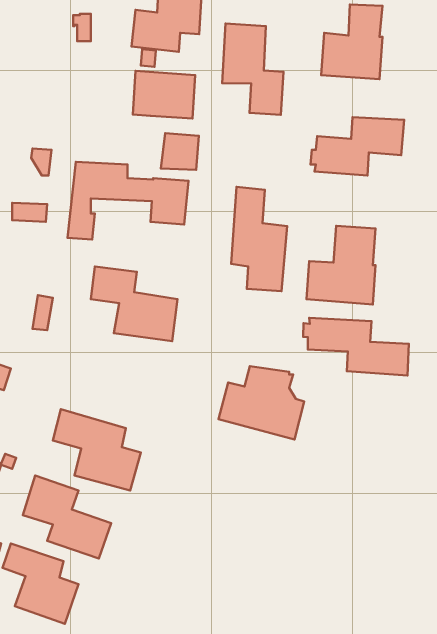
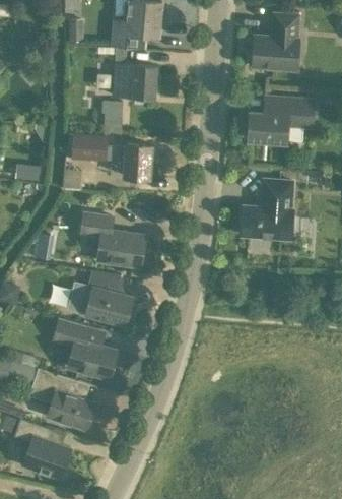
building: [222,23,283,115] -> none
building: [161,133,199,170] -> [94,100,123,127]
building: [231,187,287,291] -> none
building: [303,318,409,376] -> none
building: [219,366,304,440] -> [68,270,132,325]

